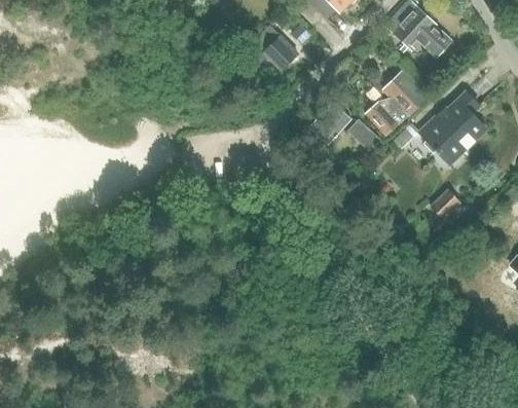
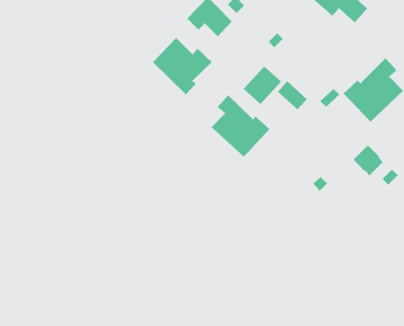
building: none -> [152,37,213,95]
building: [366,71,425,134] -> none
building: none -> [211,95,270,158]

